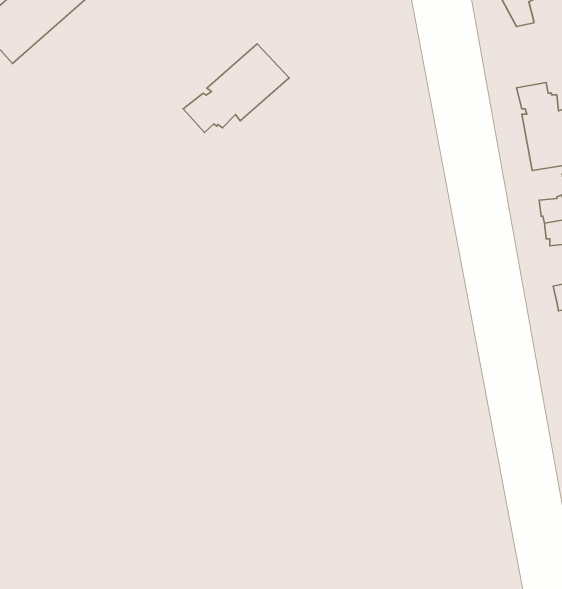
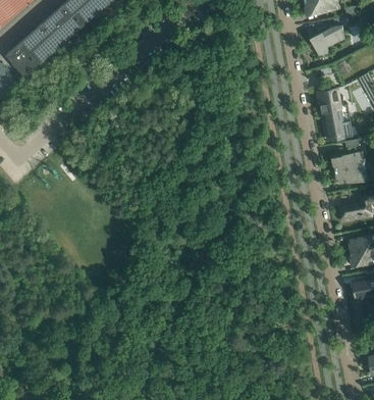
building: [183,44,289,132] -> none

